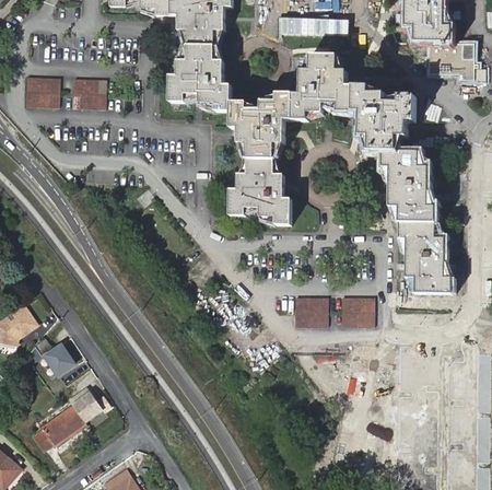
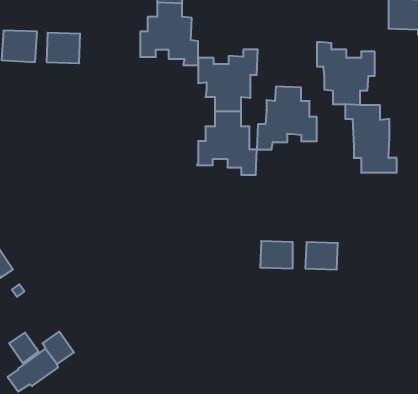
building: [291,56,353,121] -> [257,86,317,150]
building: [399,223,452,293] -> none
building: [43,343,73,375] -> [9,332,39,363]

